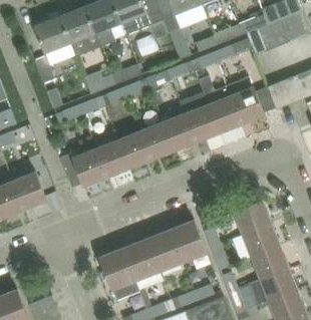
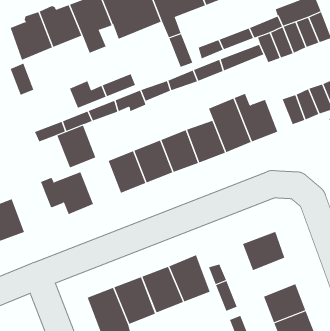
building: [94,139,128,177] -> [57,125,96,168]
building: [242,223,279,256] -> none

